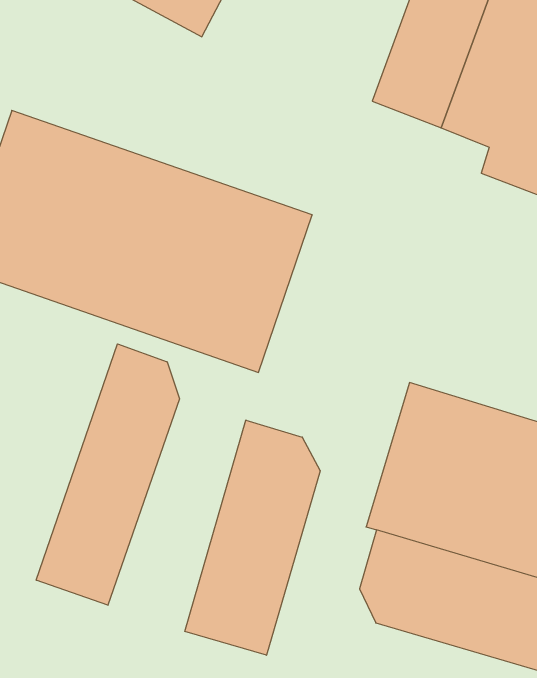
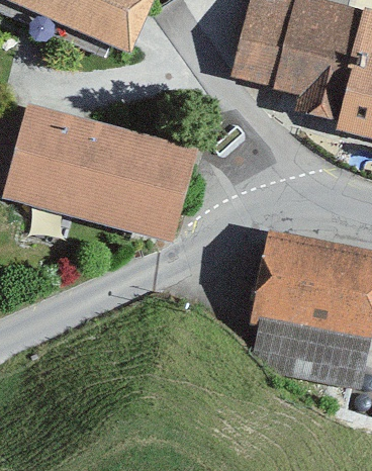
building: [36,344,180,605] -> none
building: [185,420,320,655] -> none

